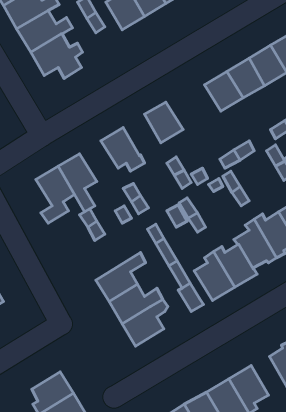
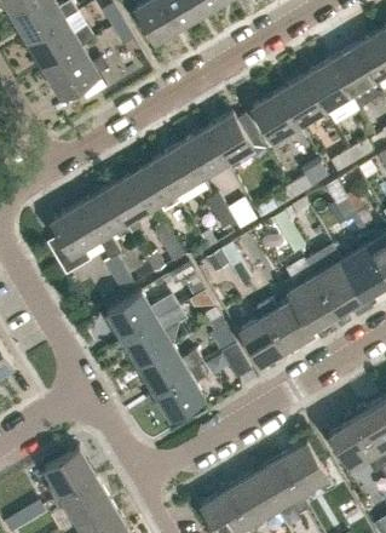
building: none -> [206,114,266,171]
building: none -> [155,144,200,194]
building: none -> [103,176,149,234]
building: none -> [106,293,175,342]

